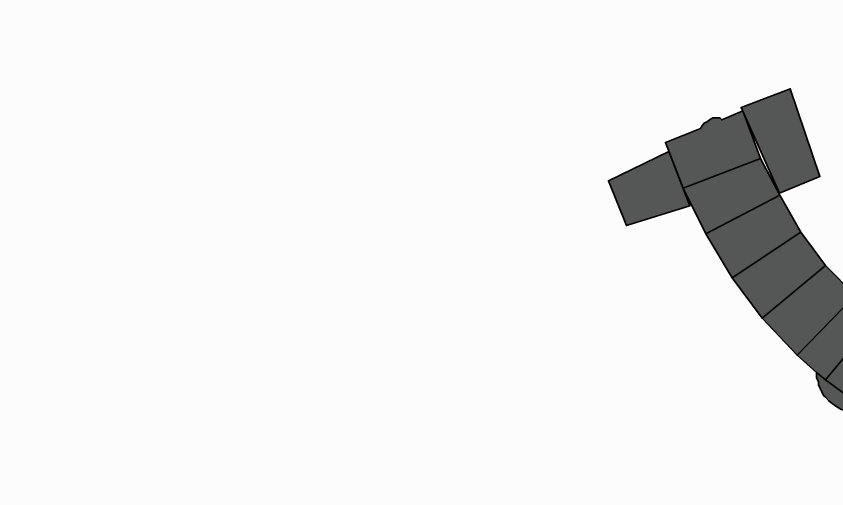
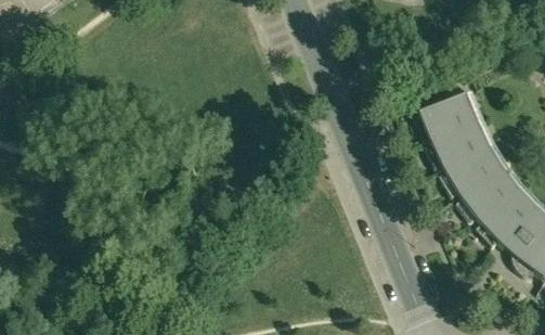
building: [741,89,820,193] -> none
building: [609,152,690,225] -> none

